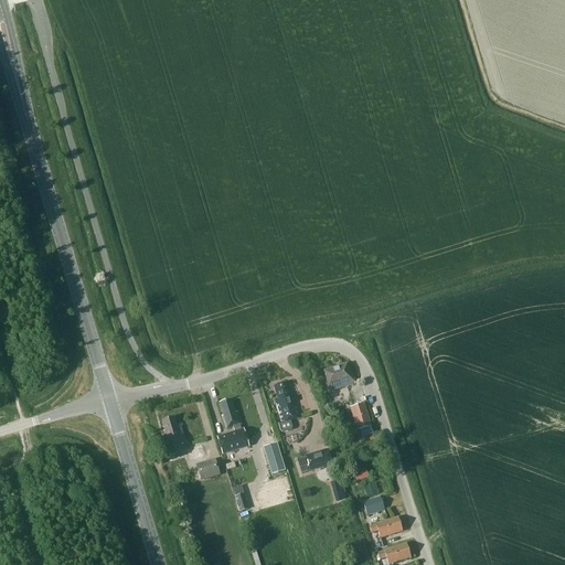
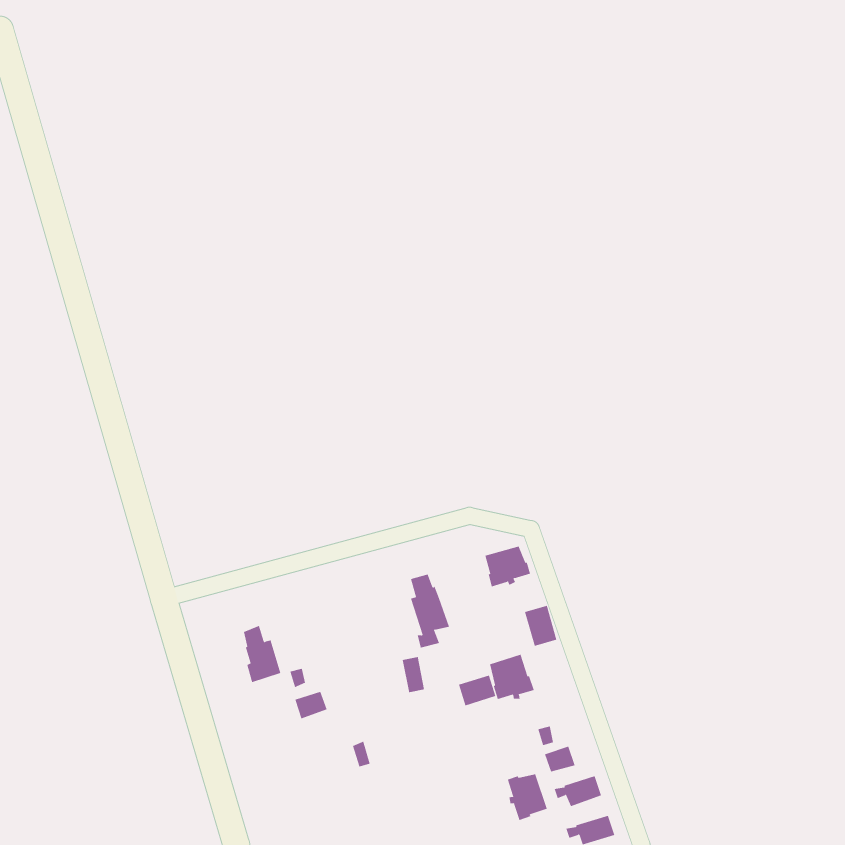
building: [216,399,248,455] -> none
building: none -> [490,654,535,700]
building: none -> [507,773,547,821]

